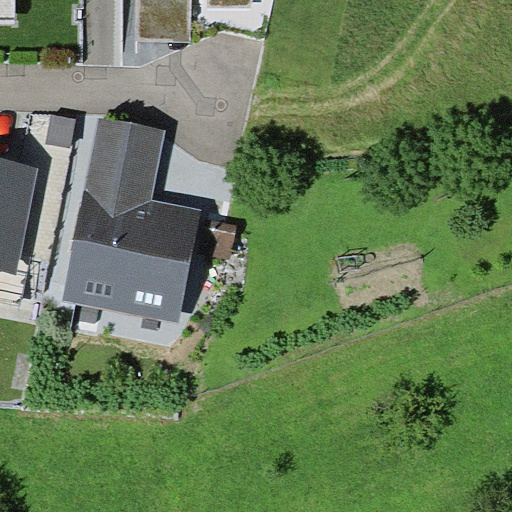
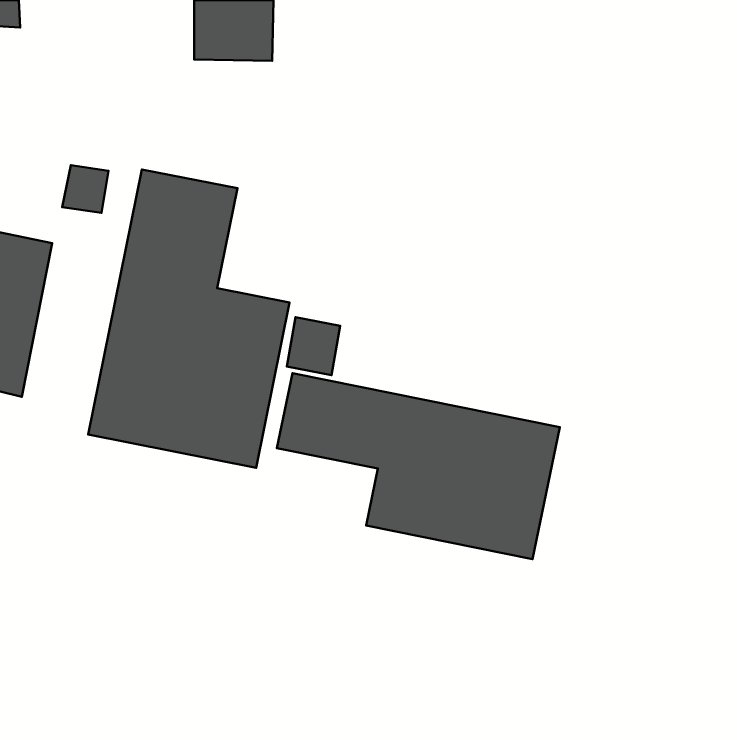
building: none -> [277,373,560,559]

